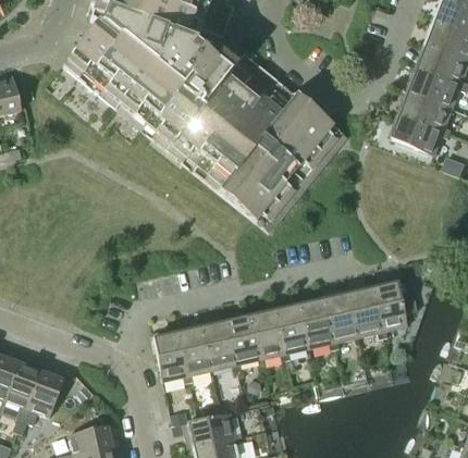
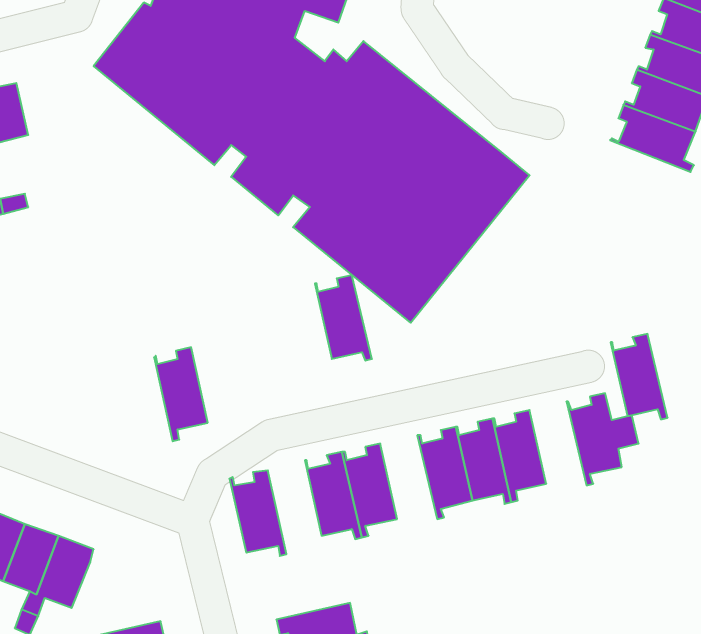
building: [391,113,452,154] -> none
building: [347,283,384,338] -> [611,334,668,419]
building: [250,305,287,360] -> [315,275,372,361]
building: [177,321,212,382] -> [154,347,208,441]

